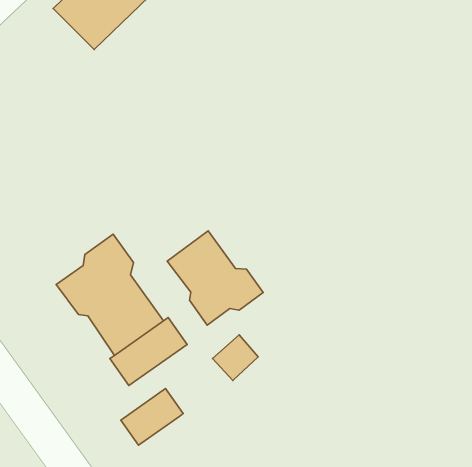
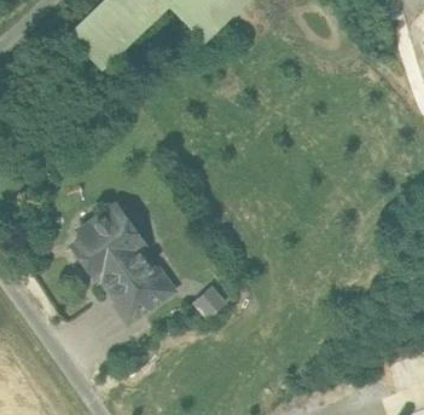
building: [167,231,263,325] -> none
building: [121,388,183,445] -> none

